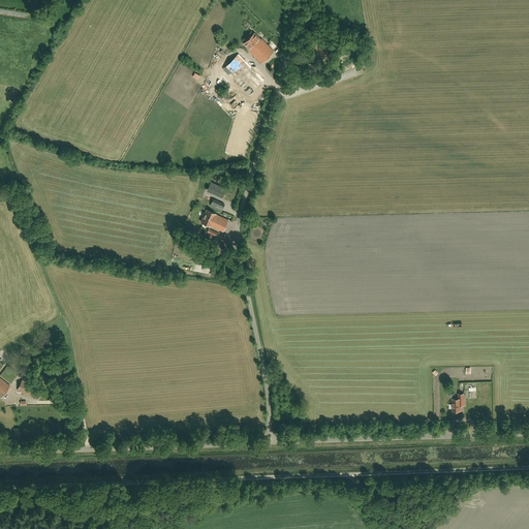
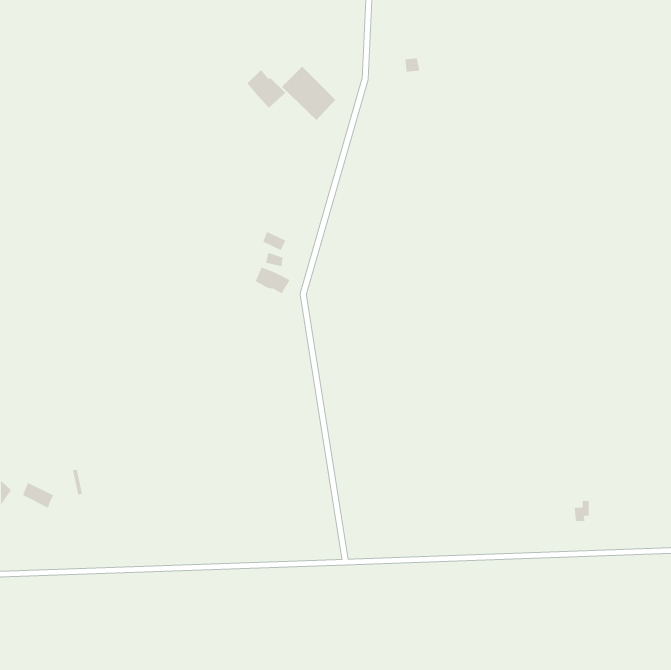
building: [243,33,274,64] -> [247,69,286,109]

